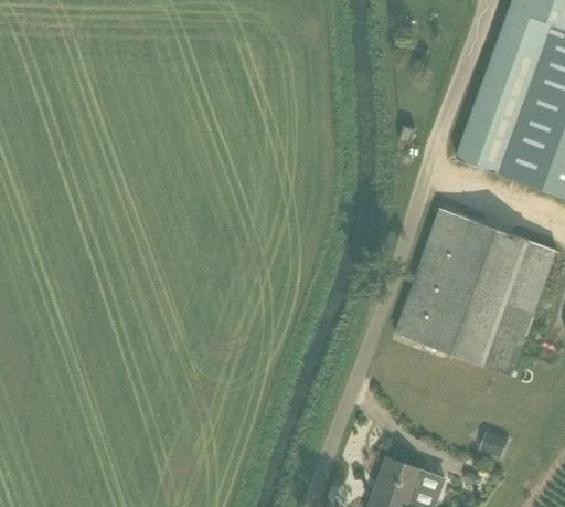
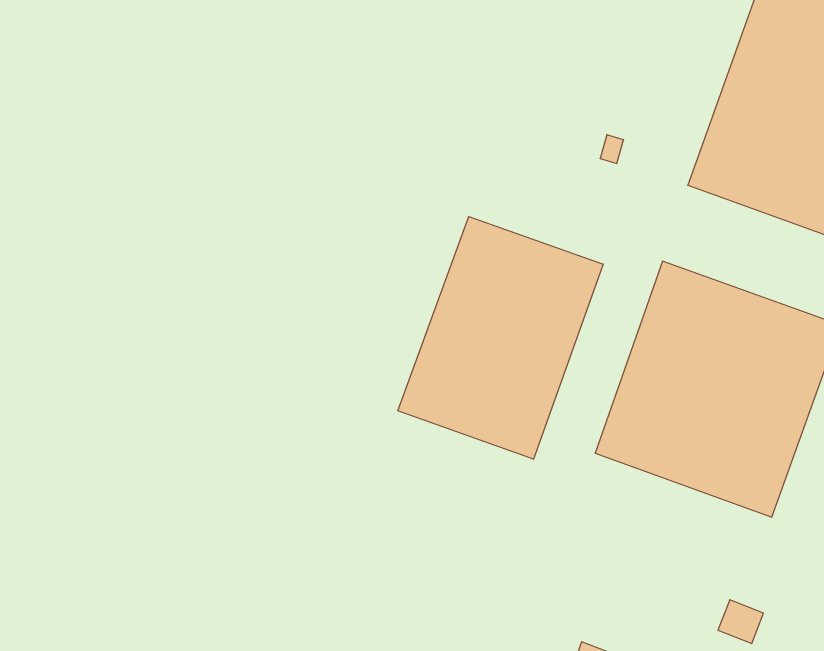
building: none -> [398,217,603,459]

